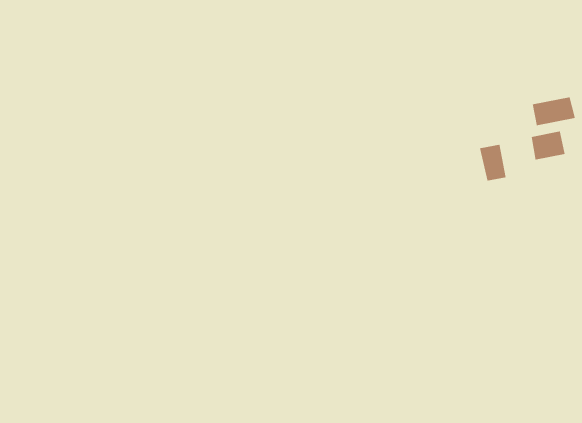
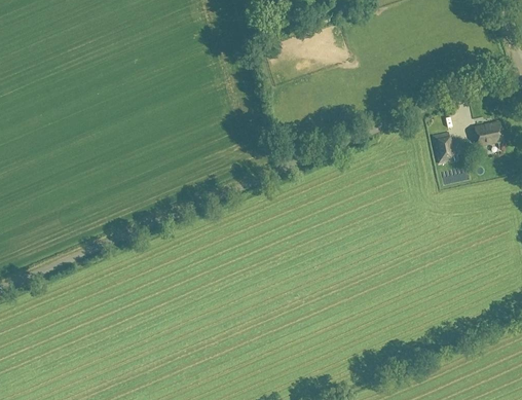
building: [532,97,575,126] -> none

